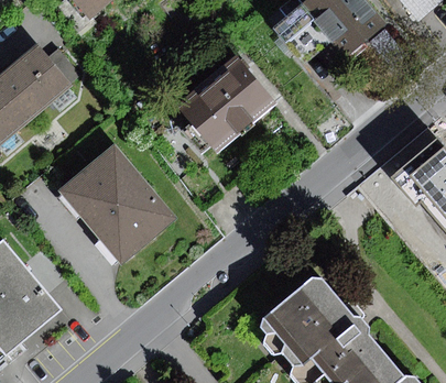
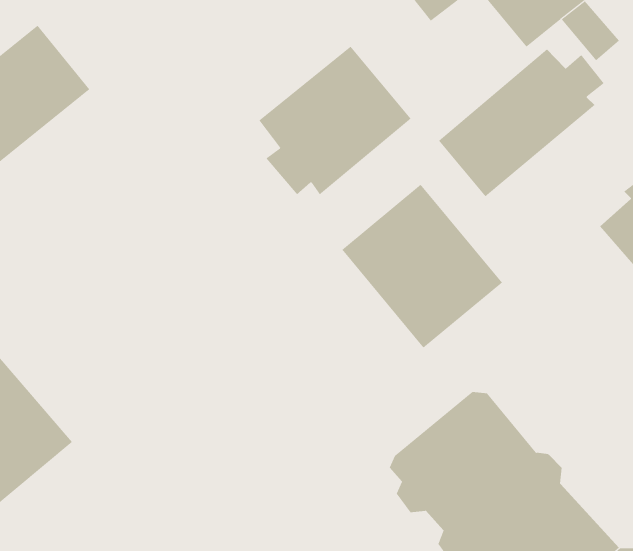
building: none -> [438,49,604,197]
building: [59,144,176,263] -> none
building: none -> [341,184,503,348]

